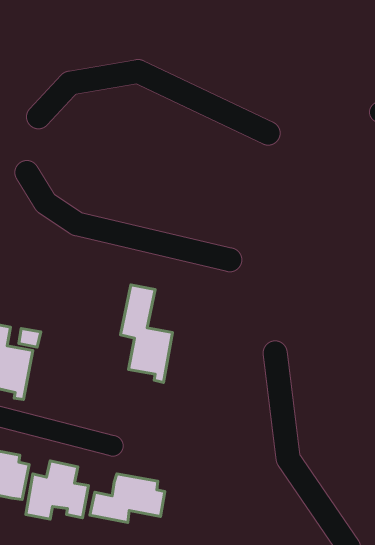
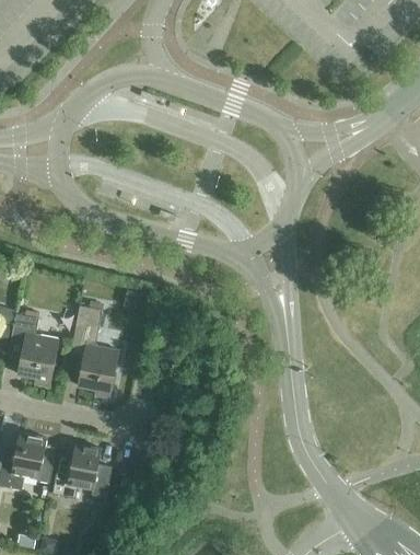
building: [120,285,173,382] -> [70,305,119,397]
building: [90,474,165,522] -> none

